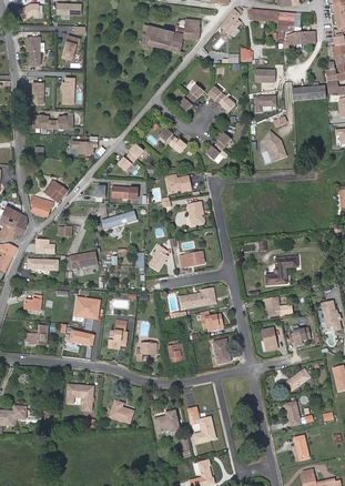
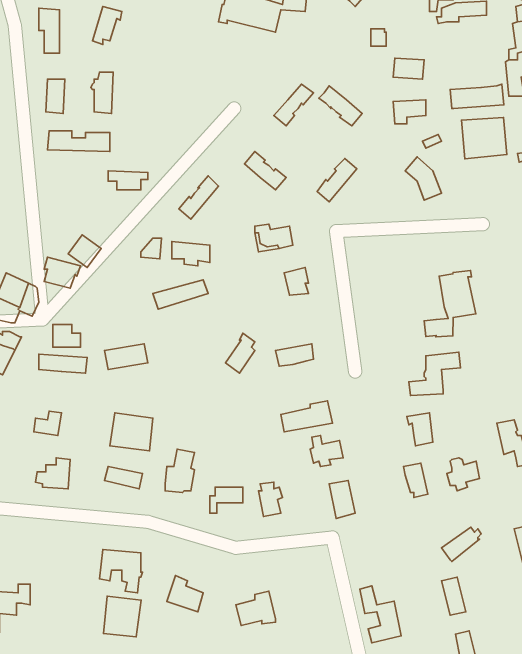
building: none -> [462,118,507,159]
building: none -> [424,270,476,337]
building: [187,406,214,443] -> [360,586,401,643]
building: none -> [104,596,141,637]

